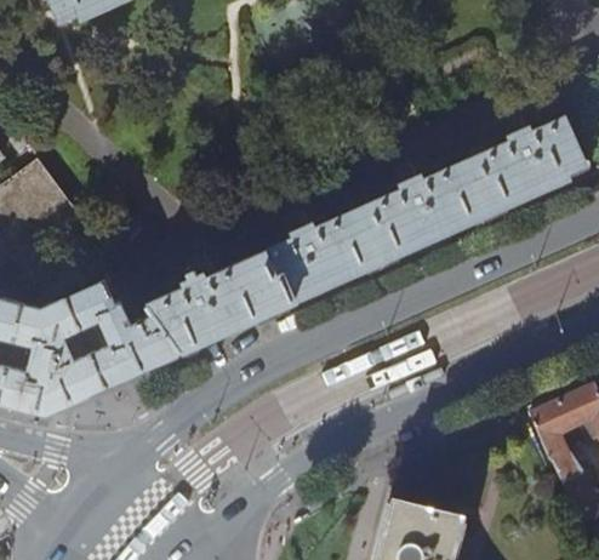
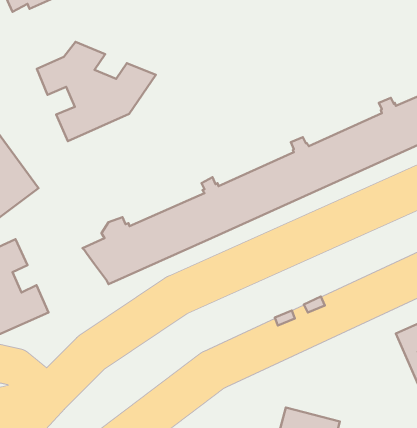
building: none -> [37,42,156,141]
building: [69,281,182,385] -> none

